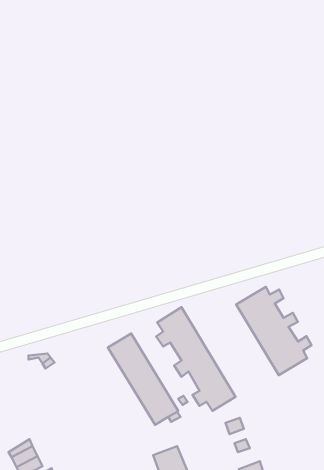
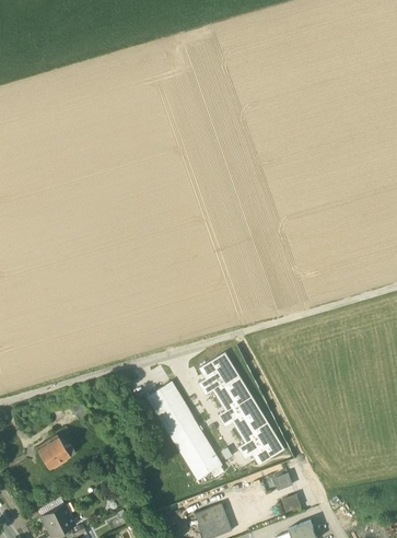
building: [236,287,312,375] -> none
building: none -> [36,435,75,469]

